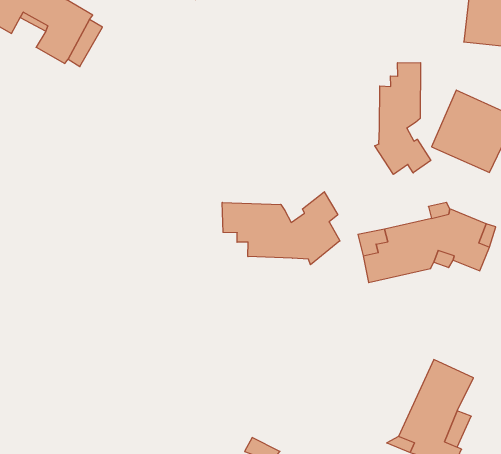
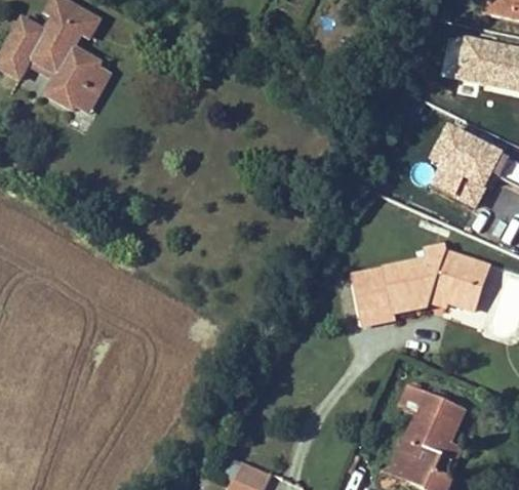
building: [375,63,431,174] -> none
building: [222,192,340,265] -> none

